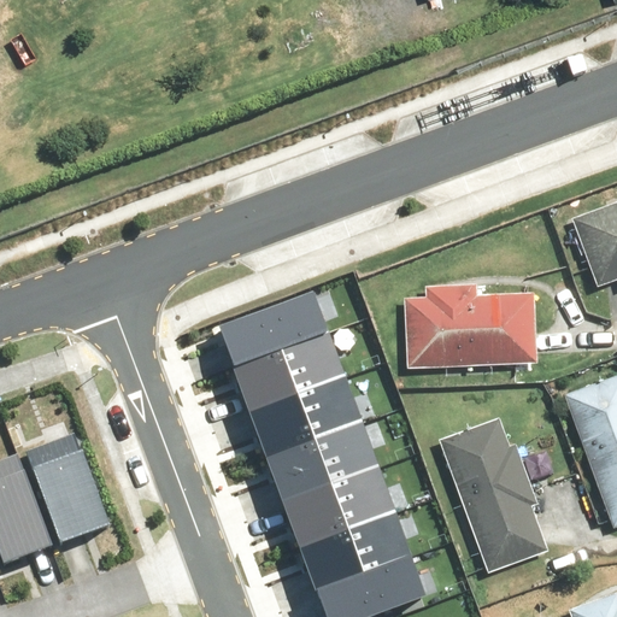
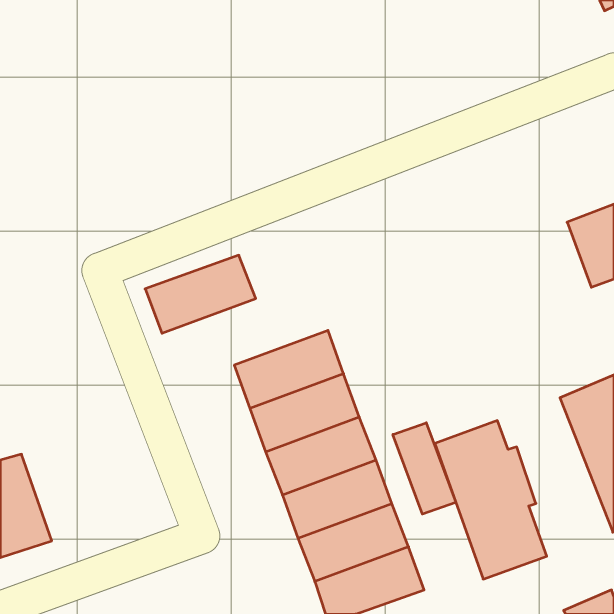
building: [404,286,529,368] -> none
building: [218,288,329,366] -> [145,255,256,333]
building: none -> [393,423,456,514]
building: [22,435,108,542] -> none

